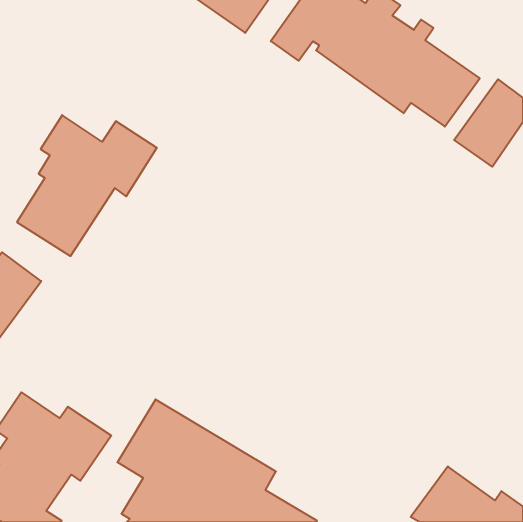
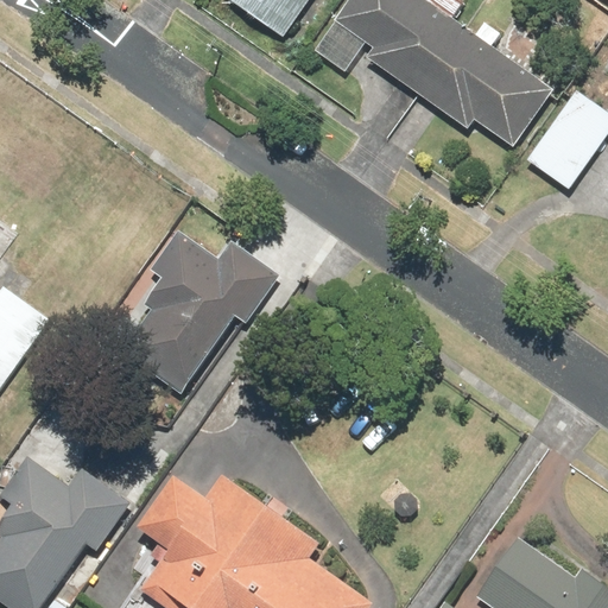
building: [17,115,157,256] -> [120,232,281,394]

